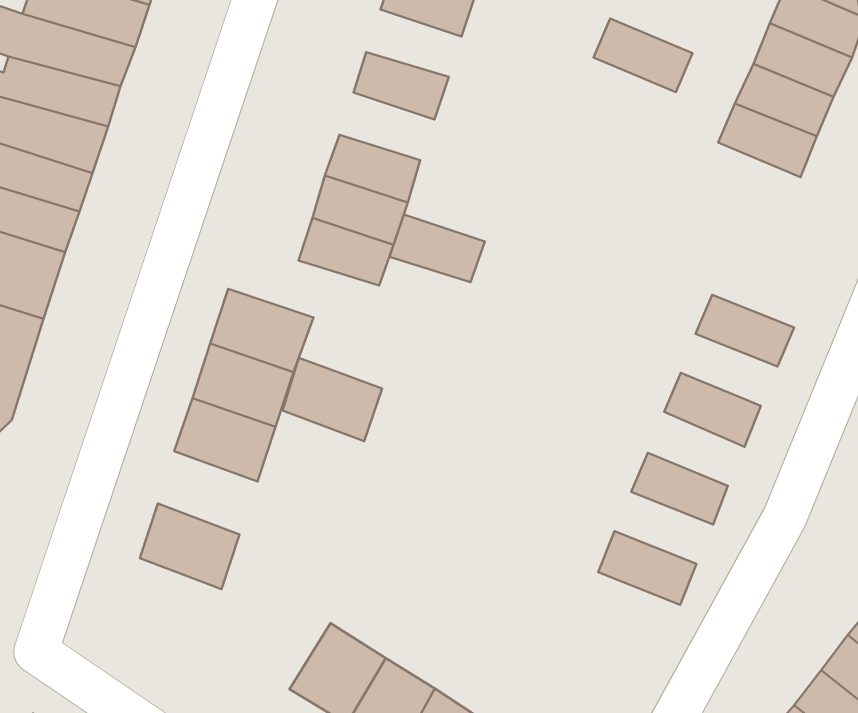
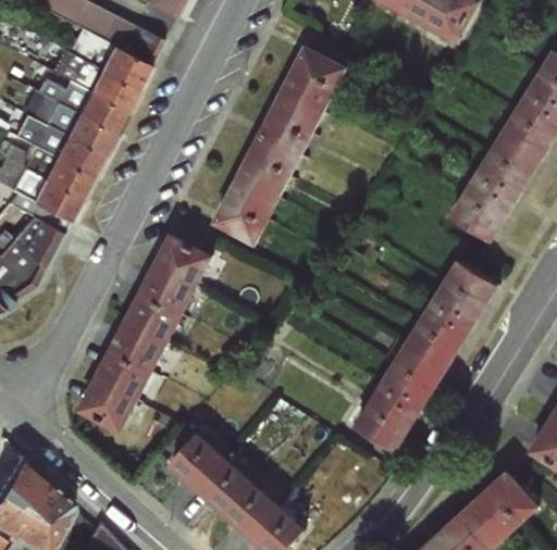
building: none -> [269,88,324,133]
building: [593,18,692,92] -> [447,195,504,242]
building: [390,214,485,282] -> [246,133,301,177]
building: none -> [443,259,499,307]
building: none -> [418,301,473,348]
building: [282,358,382,441] -> [109,320,168,373]
building: none -> [392,342,447,390]
building: none -> [366,385,422,432]
building: none -> [76,377,137,434]

